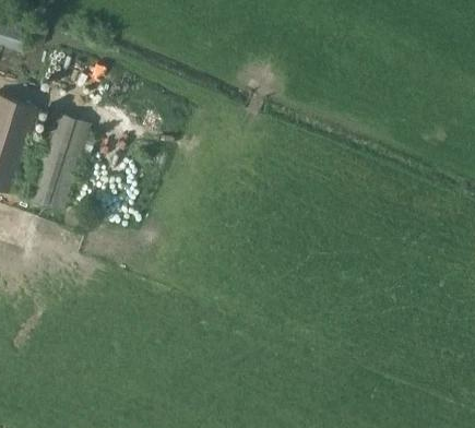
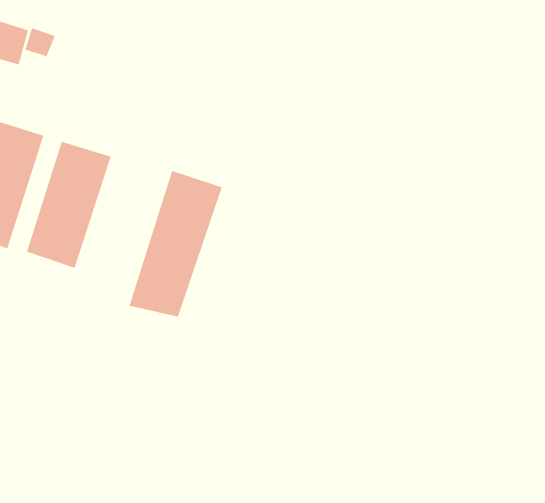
building: none -> [129,170,223,317]

